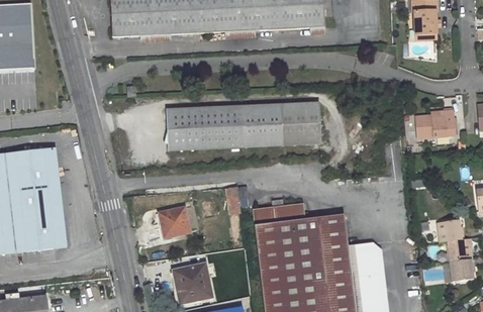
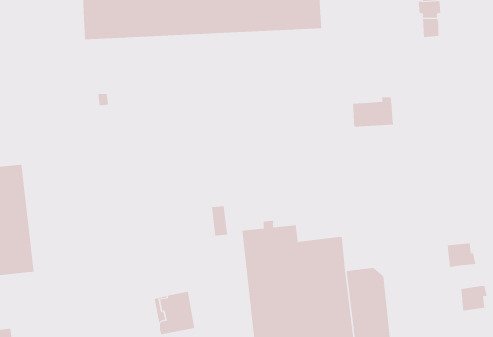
building: [166,103,319,149] -> none
building: [415,112,453,139] -> [352,97,394,127]
building: [159,208,190,237] -> none
building: [447,238,471,262] -> none

